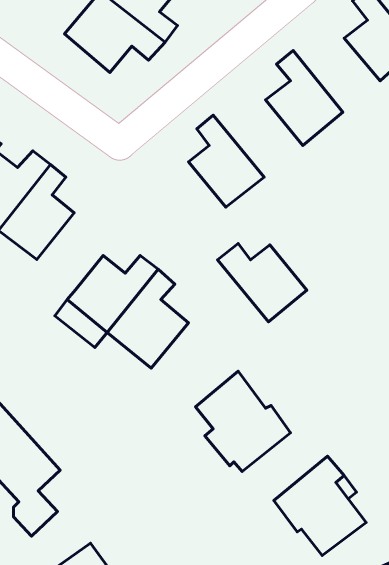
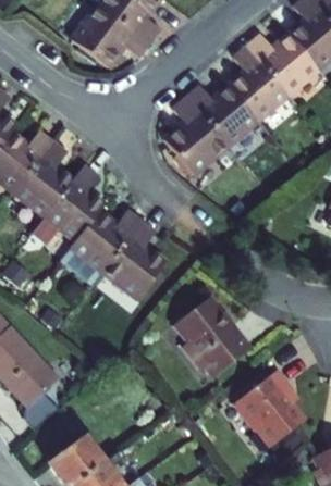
building: none -> [245,37,314,97]
building: none -> [30,162,102,240]
building: [217,243,307,322] -> [182,86,253,148]

